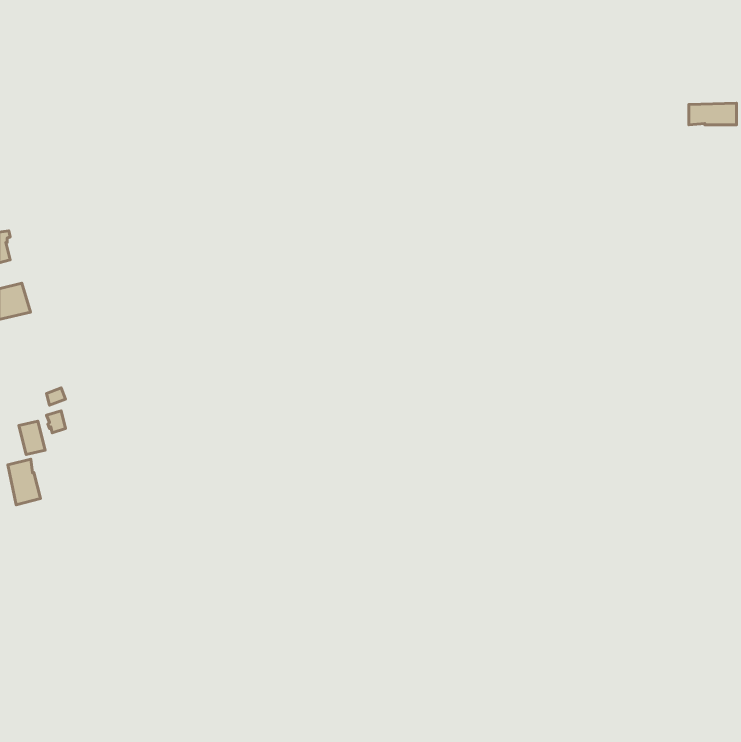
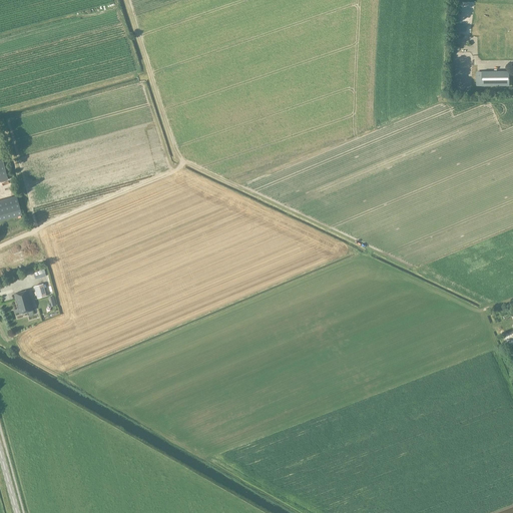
building: [8,459,41,505] -> none

